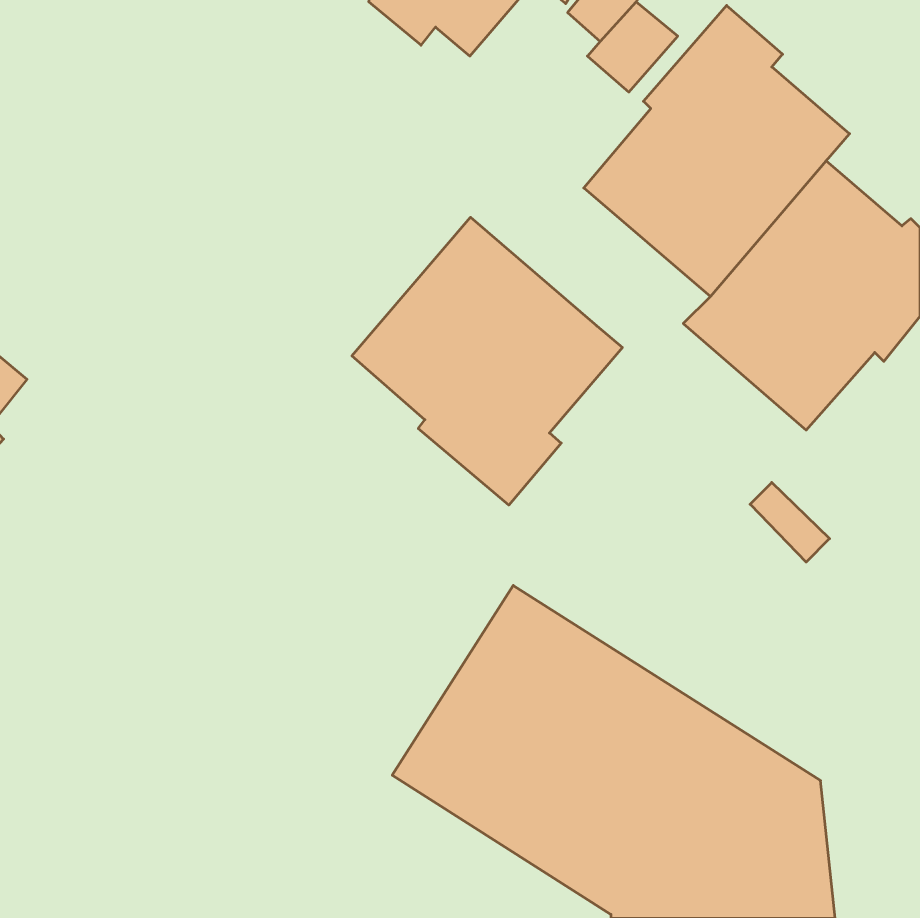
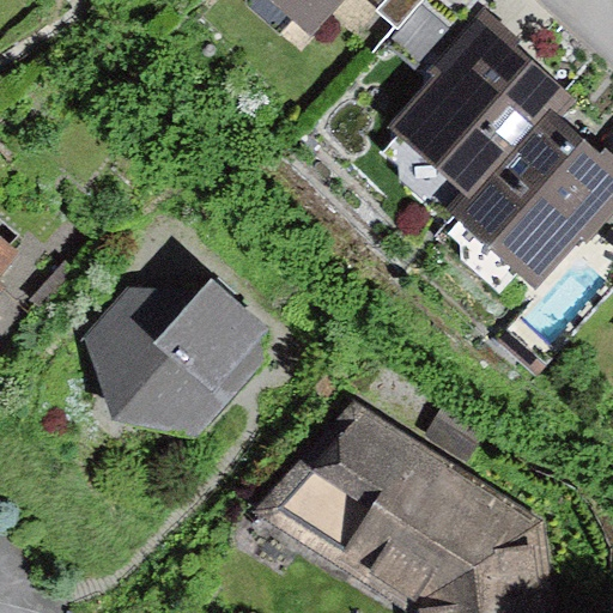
building: [352,217,622,505] -> none
building: none -> [83,283,268,437]

